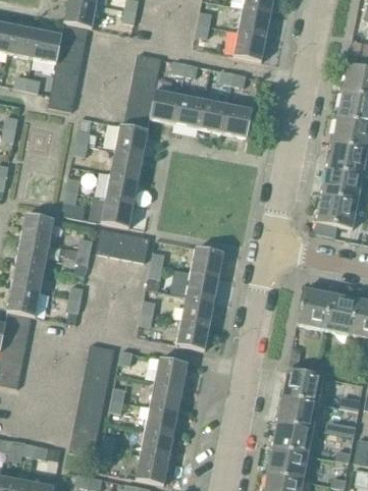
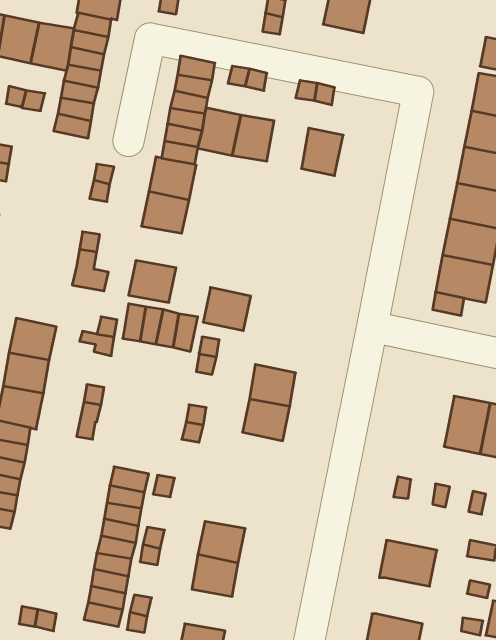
building: [232,31,266,61] -> none
building: [198,99,227,132] -> none
building: [105,173,138,203] -> none
building: [20,213,54,244] -> none
building: [190,247,223,277] -> [203,287,251,331]
building: [297,288,330,329] -> none
building: [175,319,209,349] -> none
building: [154,358,188,387] -> none
building: [282,369,323,402] -> none
building: [272,422,313,454] -> none
building: [140,430,173,459] -> none

